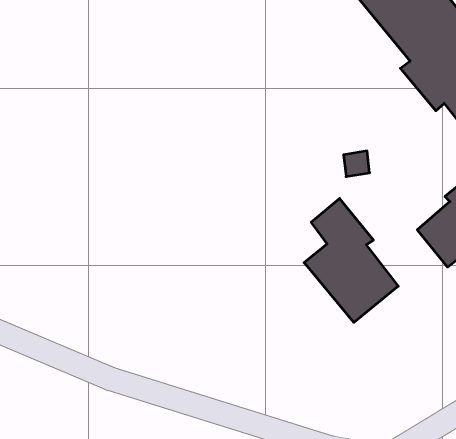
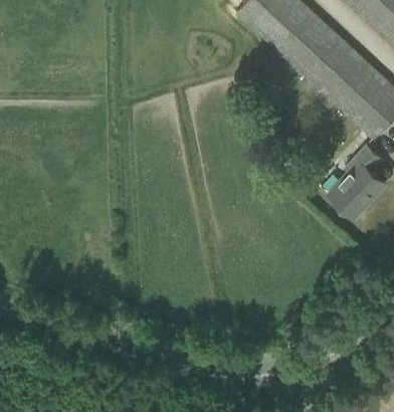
building: [304,198,398,322] -> none

